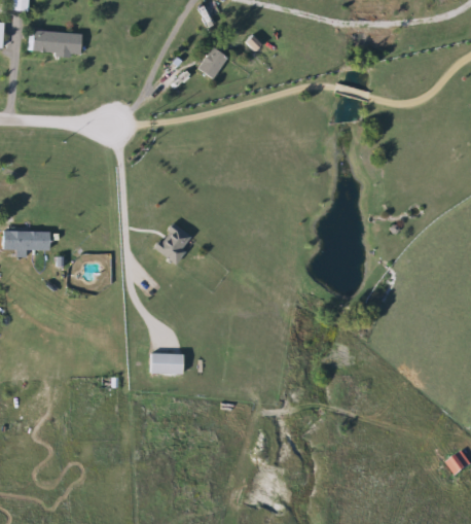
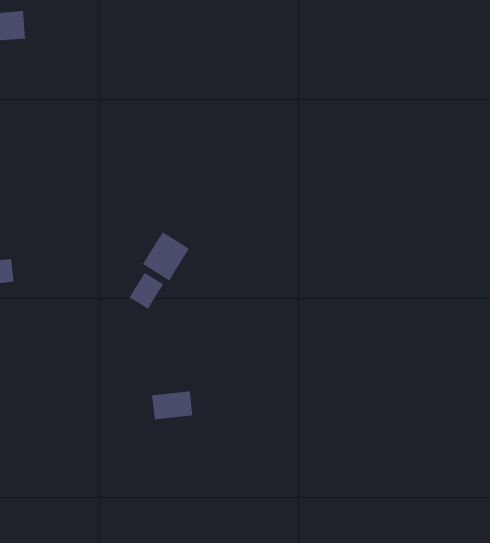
building: [197,46,228,80] -> none
building: none -> [128,272,164,310]

